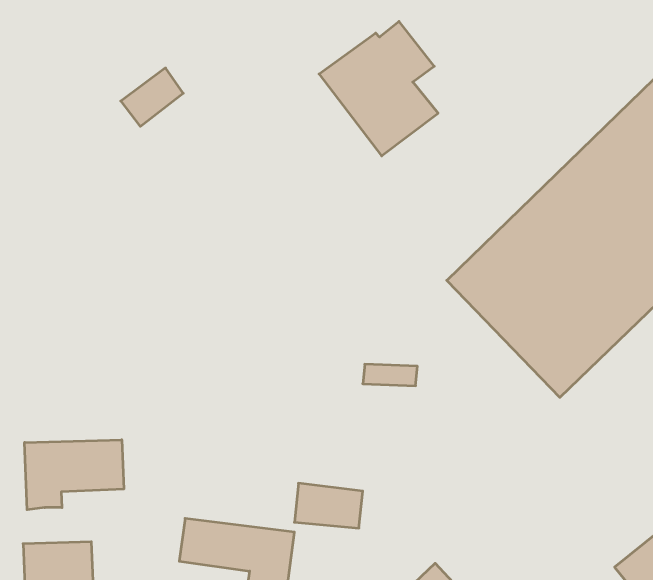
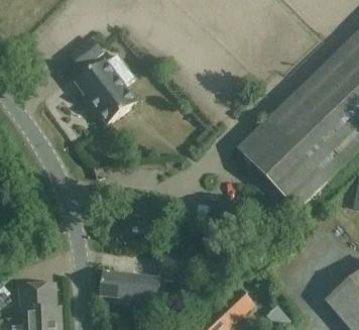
building: [319,21,438,156] -> [75,54,136,124]
building: [25,440,124,510] -> none

